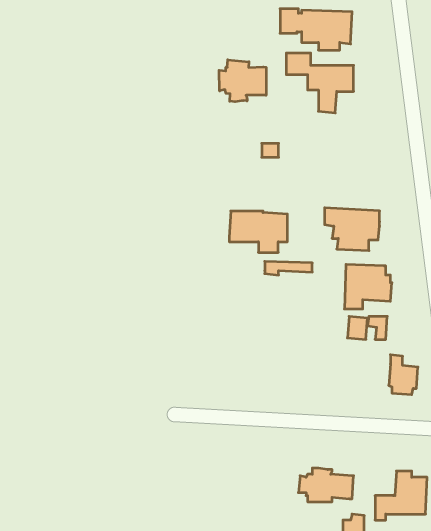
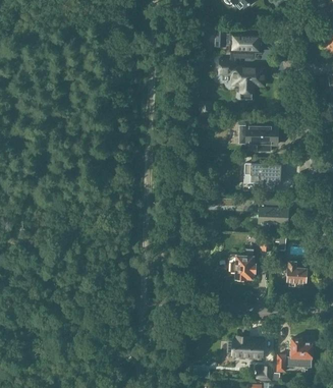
building: [219,60,266,102] -> none
building: [229,211,287,252] -> [238,124,277,152]
building: none -> [230,250,257,278]

